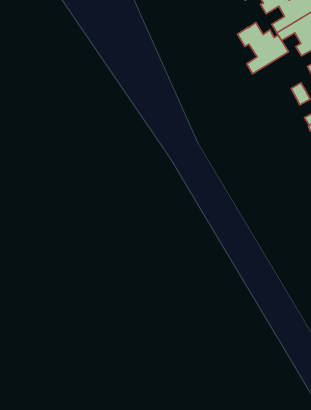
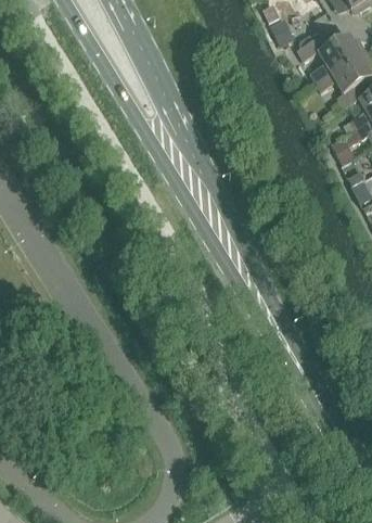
building: [238,22,289,74] -> none

